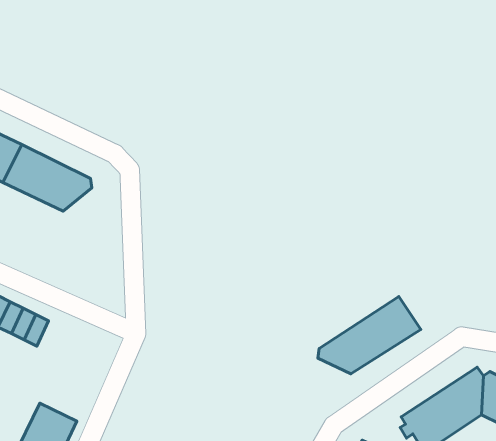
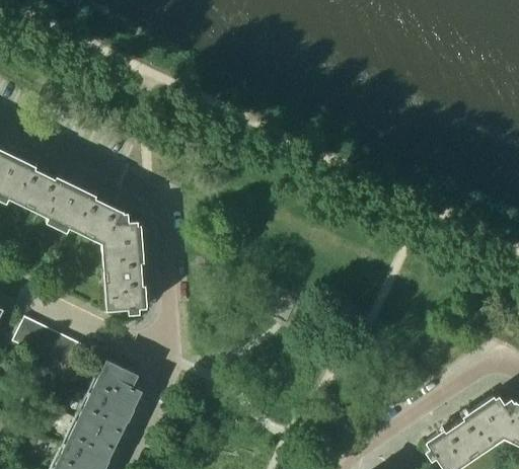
building: none -> [100,221,145,311]
building: [318,296,421,374] -> none
building: none -> [78,364,139,446]

